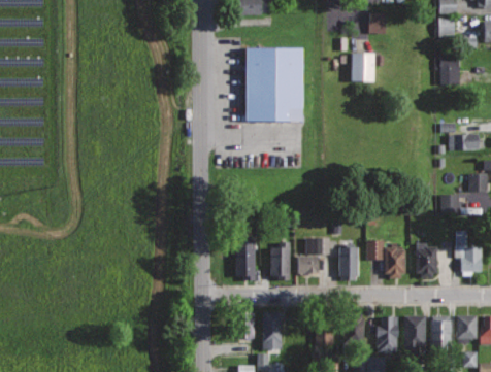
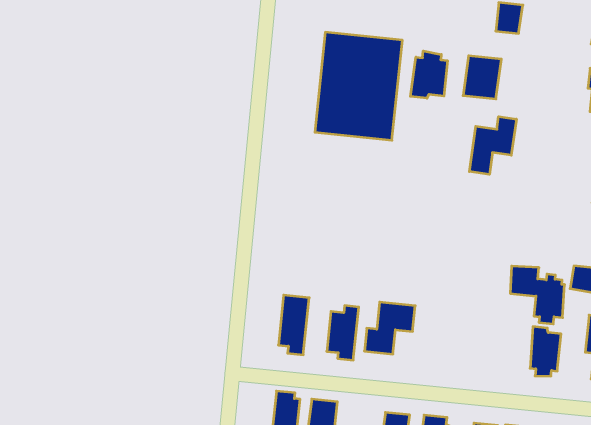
building: none -> [410,51,447,98]
building: none -> [469,117,516,174]
building: [366,239,406,278] -> [510,266,565,324]
building: [339,247,359,280] -> none

